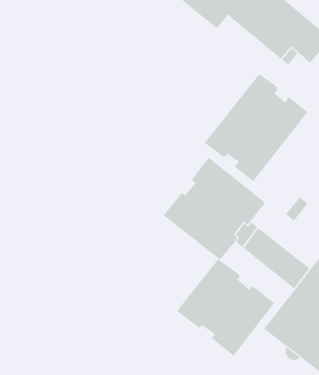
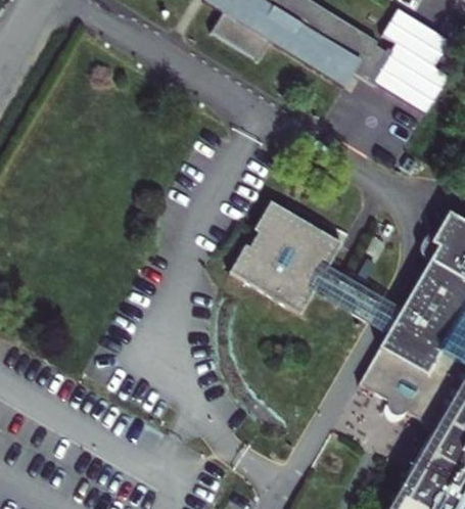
building: [204,74,308,182] -> none
building: [176,259,275,356] -> none

